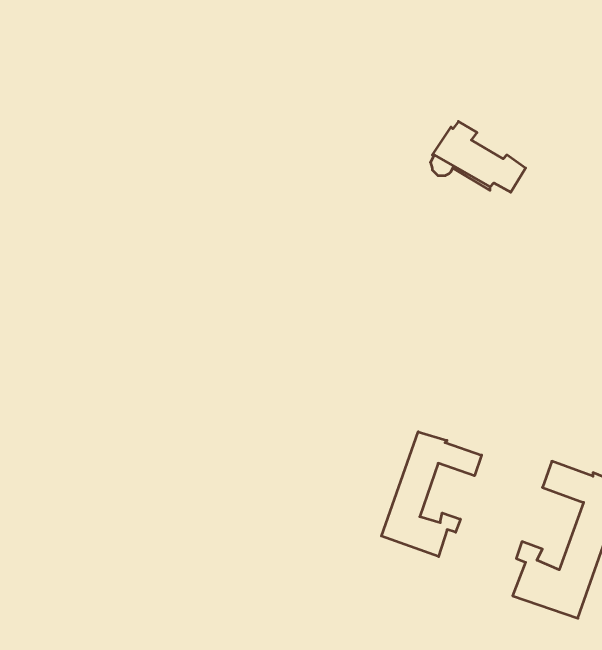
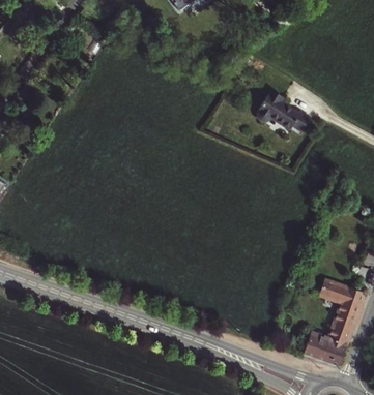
building: [381,432,482,557] -> none

